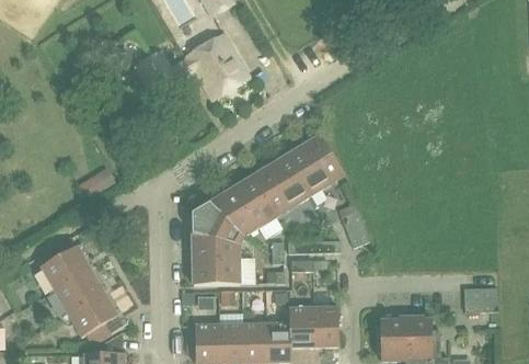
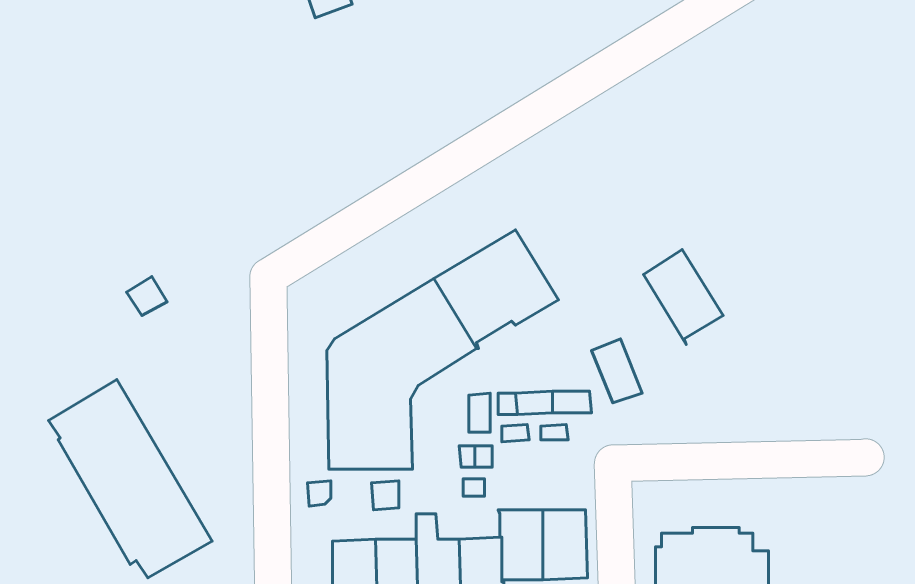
building: [134,34,249,100] -> none
building: [298,135,343,189] -> [643,249,723,345]
building: [463,287,498,311] -> none

